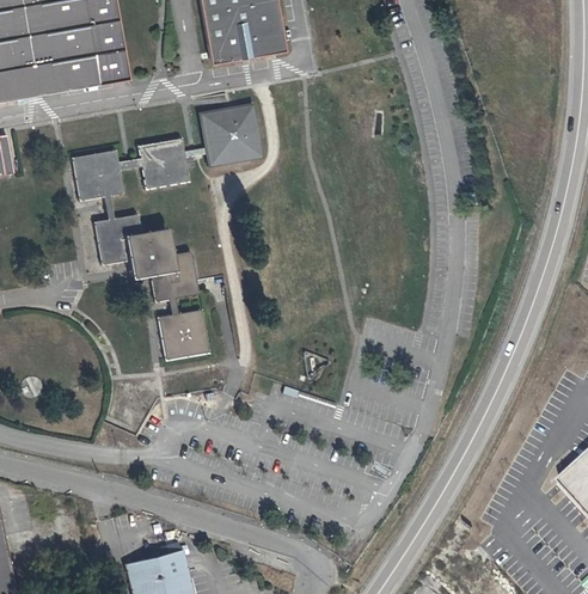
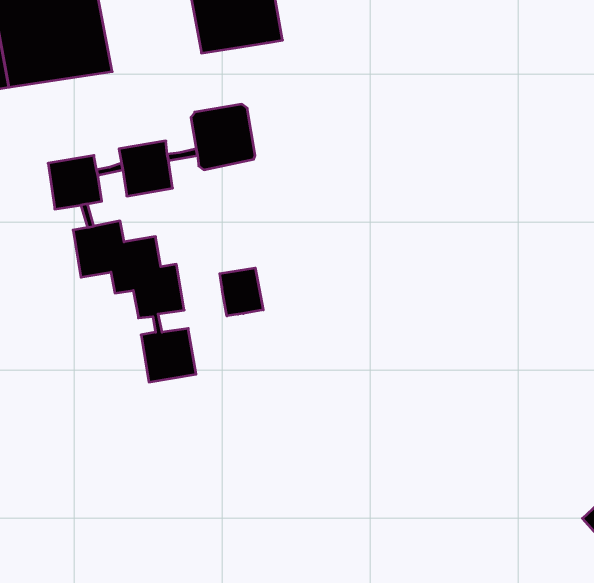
building: none -> [220,268,263,316]

